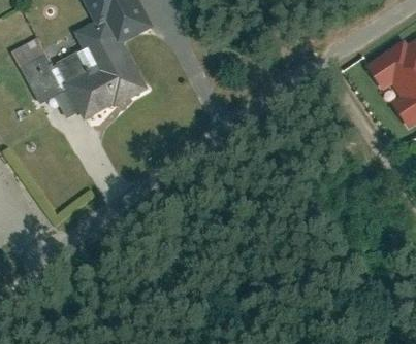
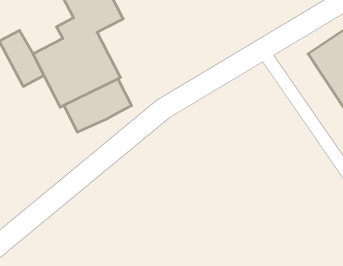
building: none -> [64,79,132,132]

